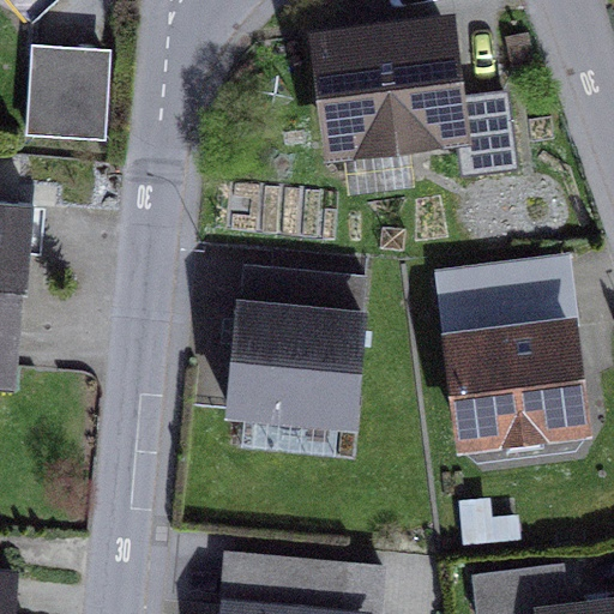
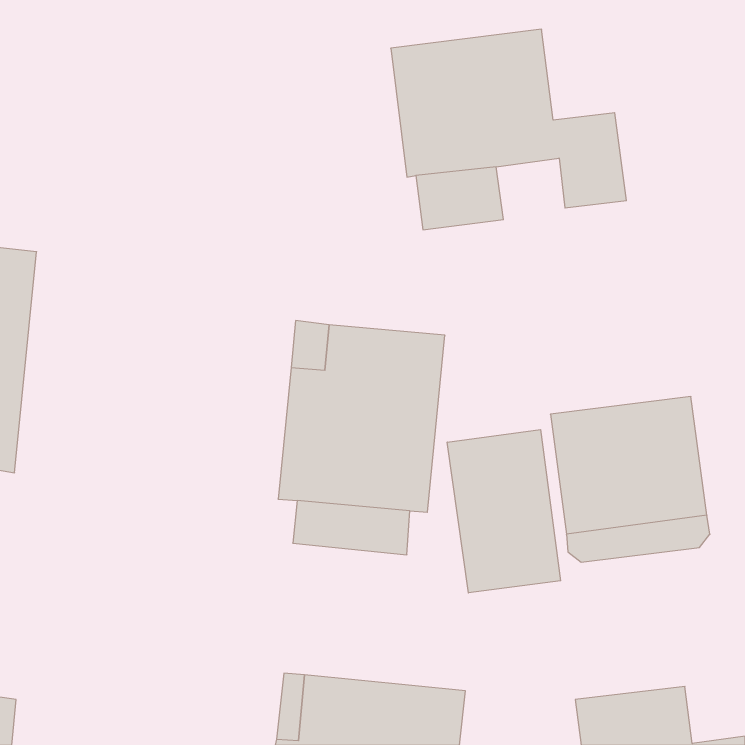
building: [29,54,106,136] -> none
building: [443,260,566,339] -> none
building: none -> [447,430,561,593]

